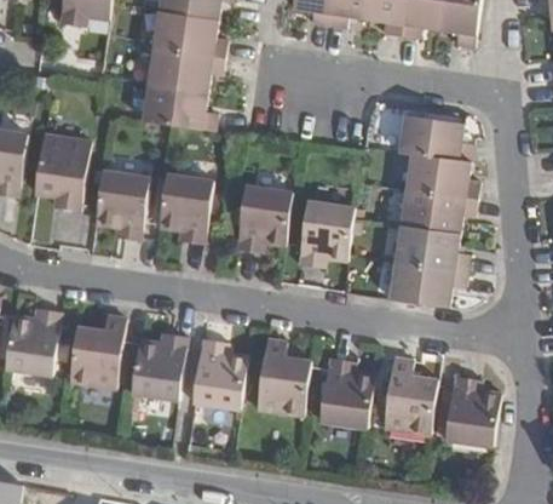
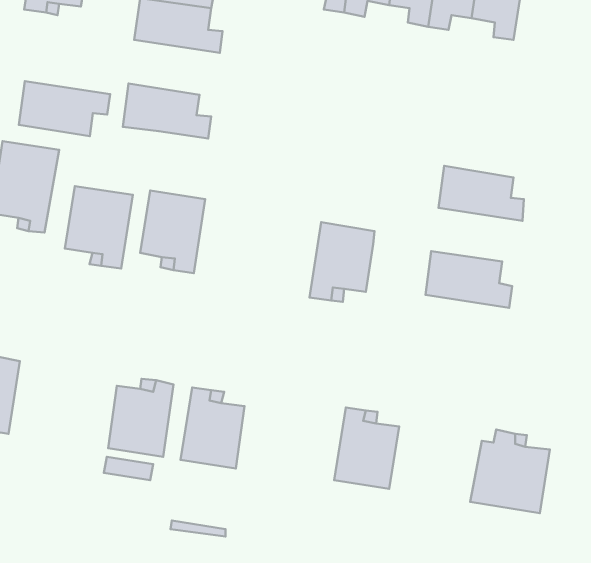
building: [149,47,225,93] -> [19,81,110,136]
building: [401,114,473,162] -> none
building: [237,185,294,250] -> none
building: [402,188,478,233] -> none
building: [392,260,467,307] -> none
building: [69,314,123,385] -> none
building: [258,337,311,412] -> none
building: [382,356,437,433] -> none

